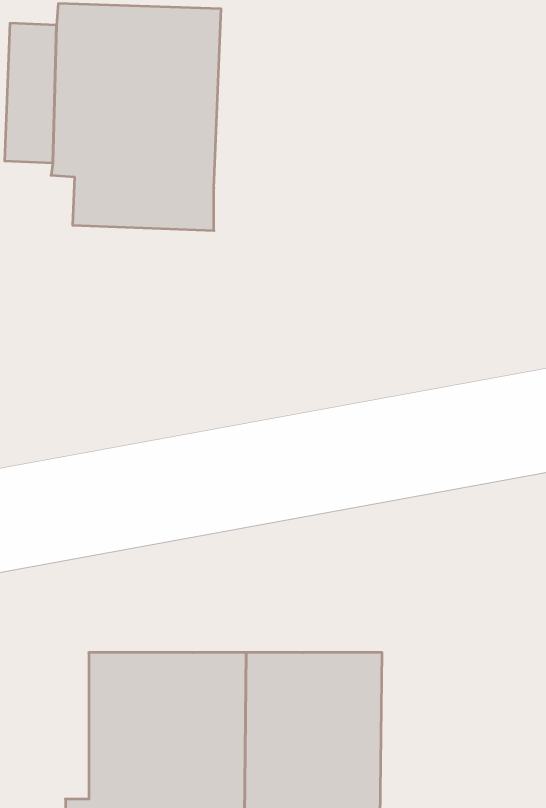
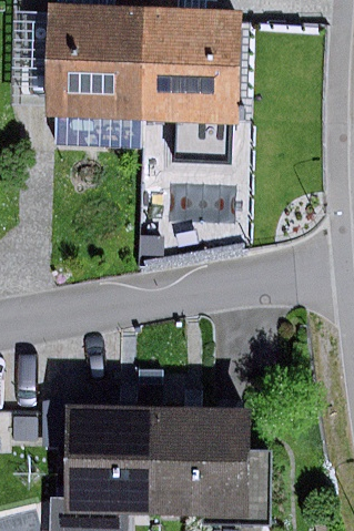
building: none -> [145,9,241,123]

